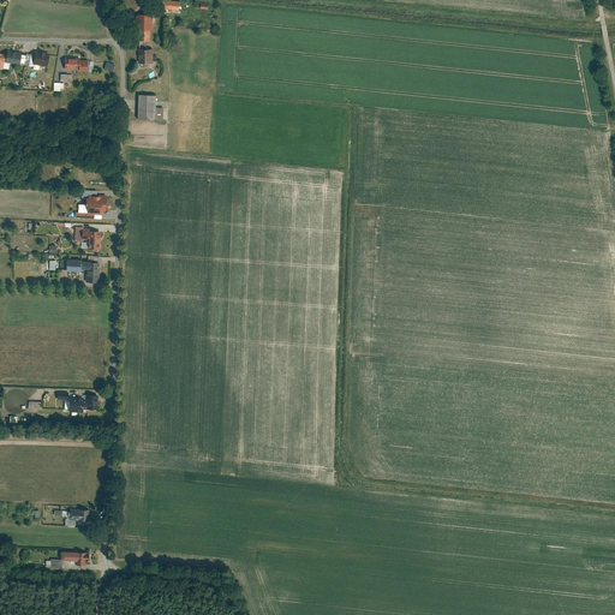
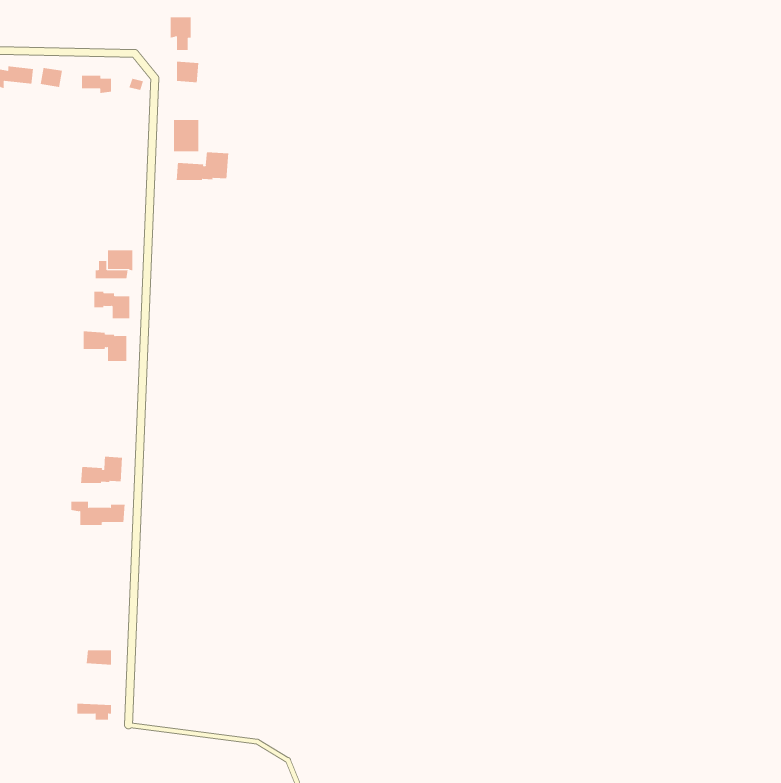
building: none -> [176,151,229,181]
building: none -> [81,456,123,484]

